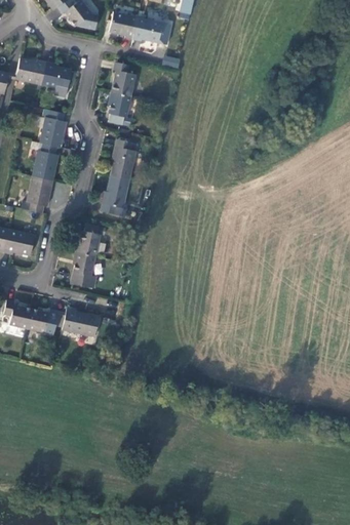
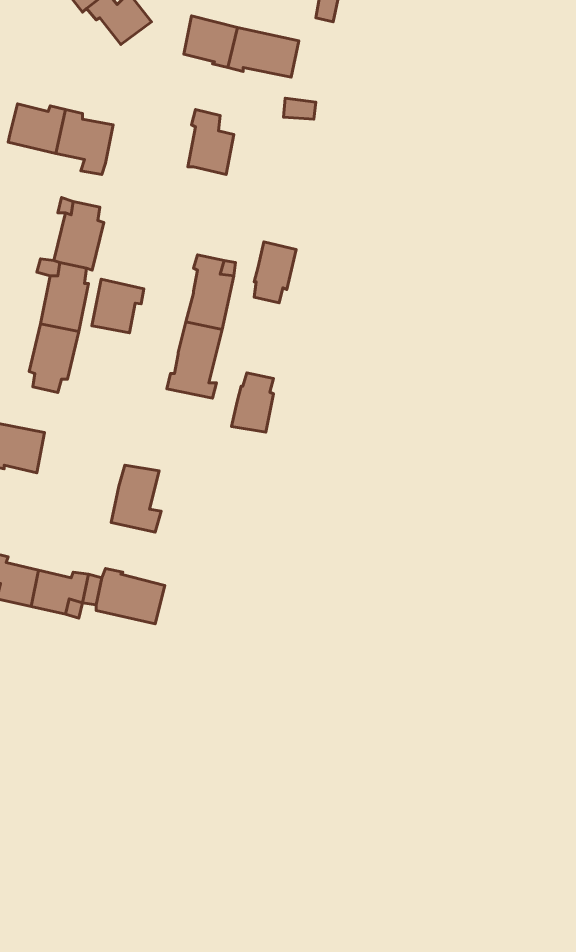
building: [109,92,131,125] -> [254,242,296,303]
building: none -> [92,279,144,333]
building: [77,224,100,255] -> [231,373,274,432]

